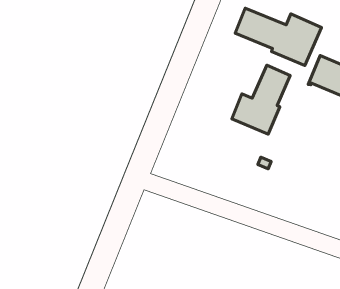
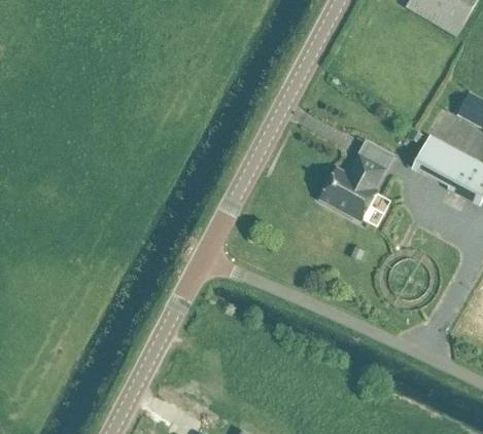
building: [235,8,321,66] -> none

